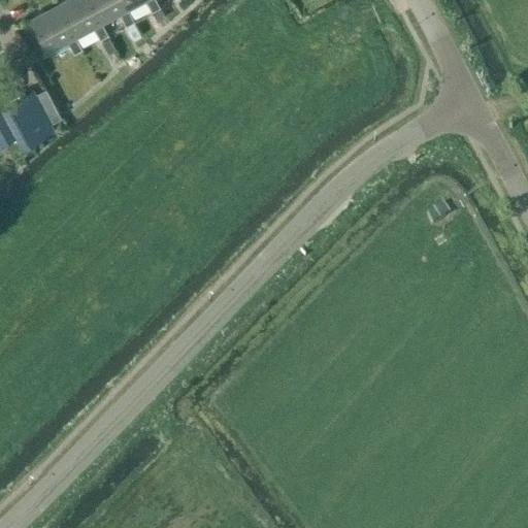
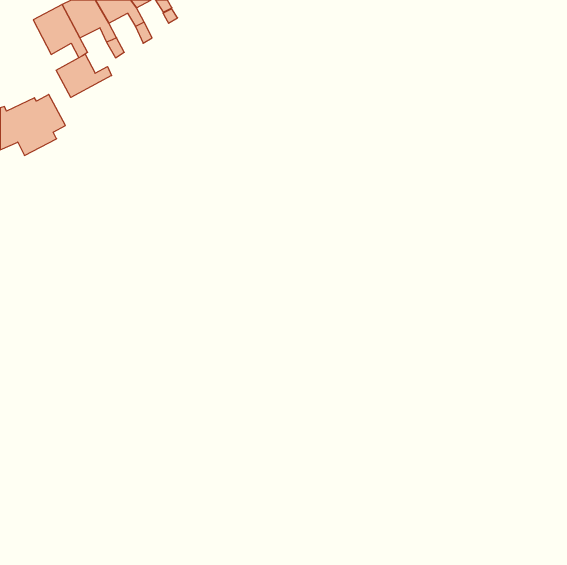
building: none -> [56,54,112,97]

